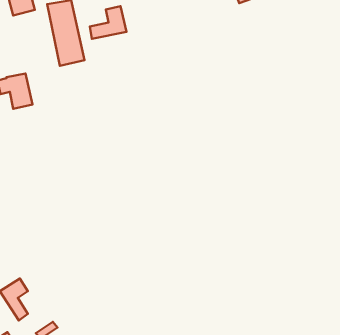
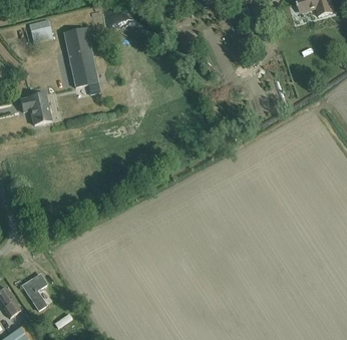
building: [90,6,126,39] -> none

